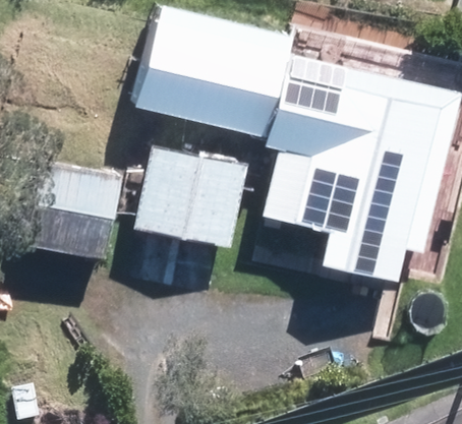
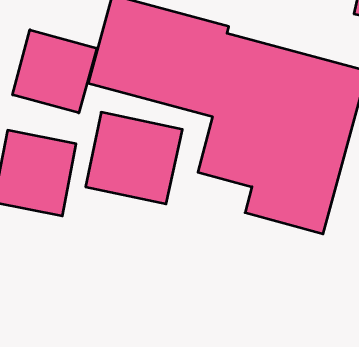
building: none -> [13,30,97,113]

